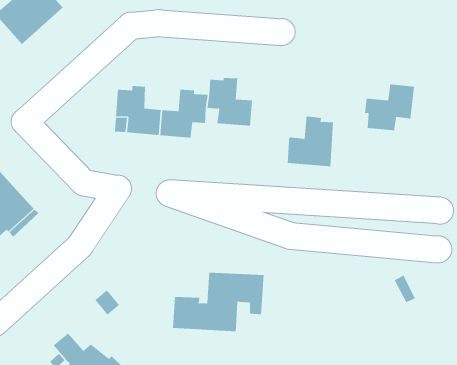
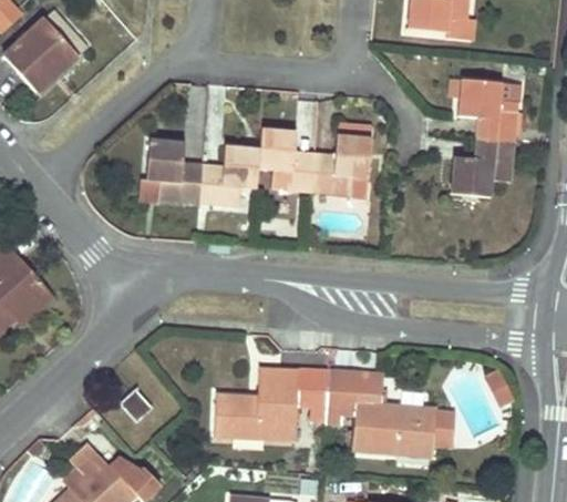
building: none -> [456,79,519,142]
building: [287,116,334,167] -> [312,133,370,195]
building: none -> [326,372,450,454]

